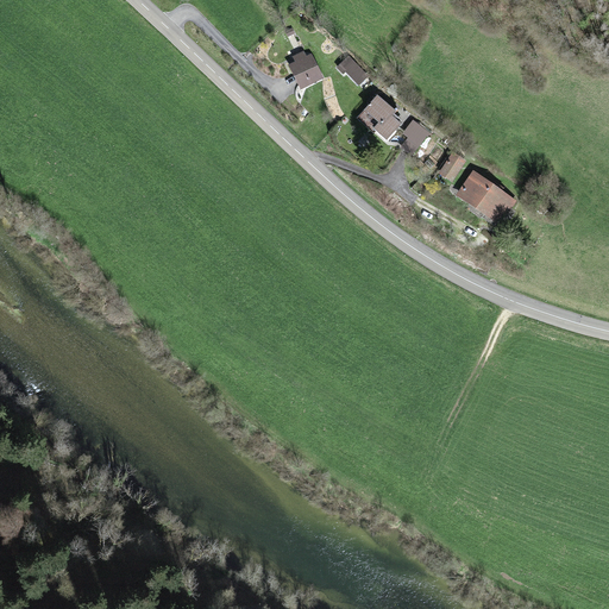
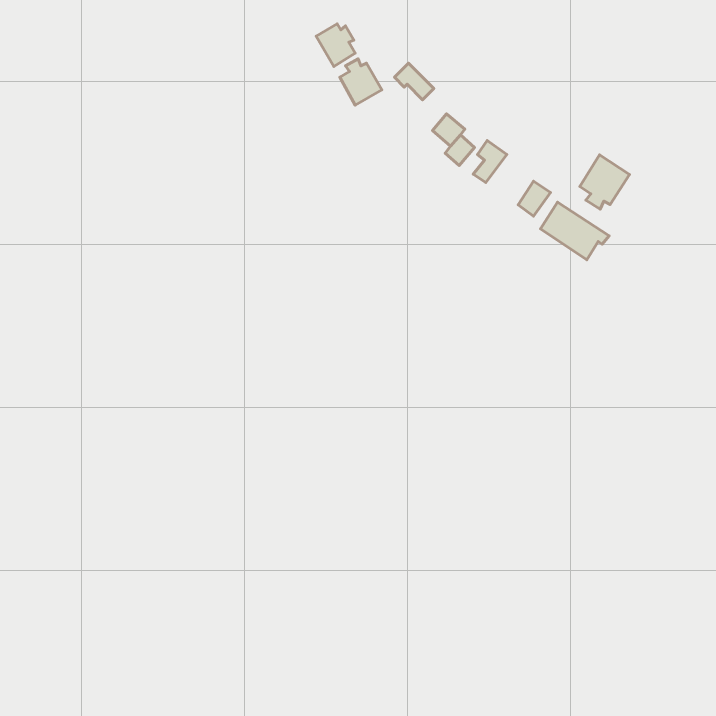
building: none -> [316,24,355,67]
building: none -> [580,155,630,209]

